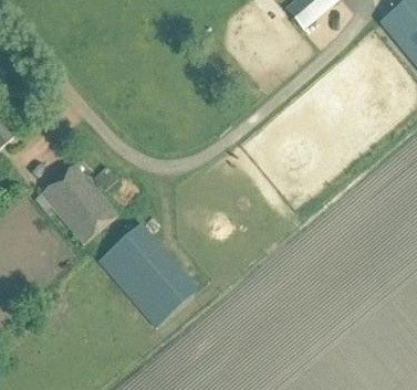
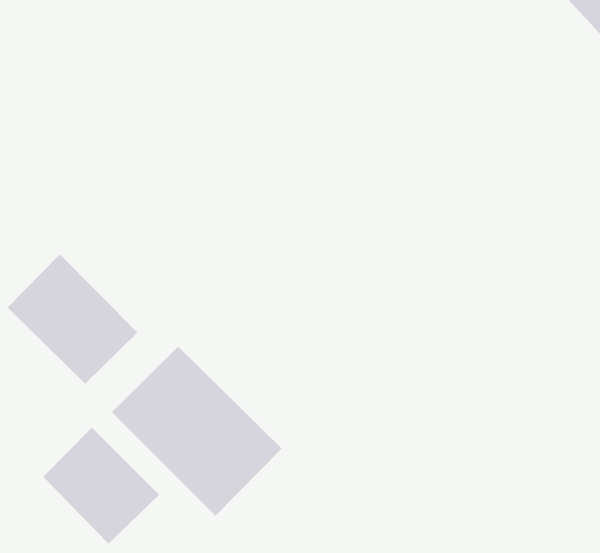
building: none -> [43,427,160,545]

